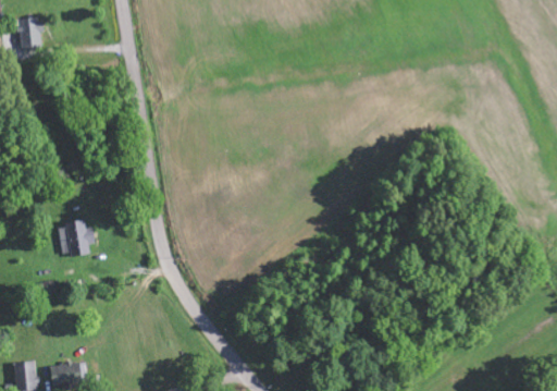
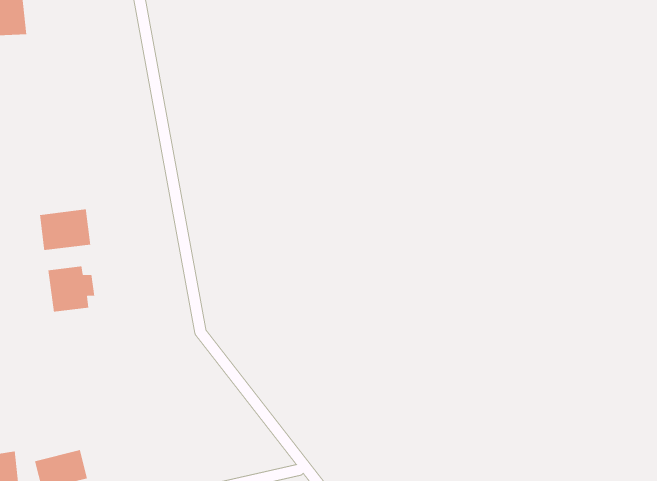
building: none -> [39,209,91,251]

